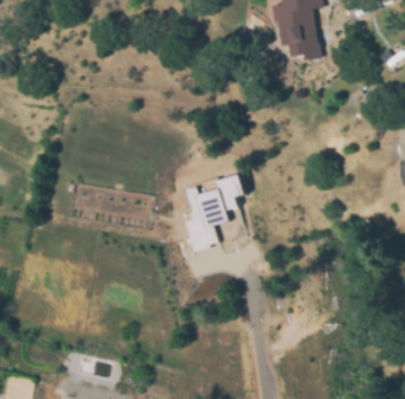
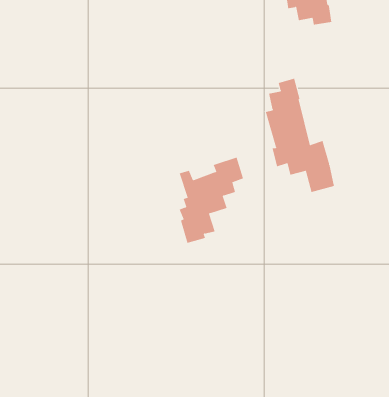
building: none -> [265,78,334,193]

